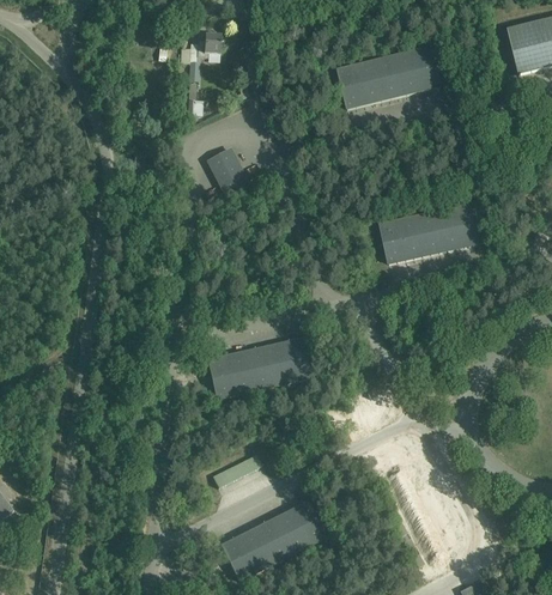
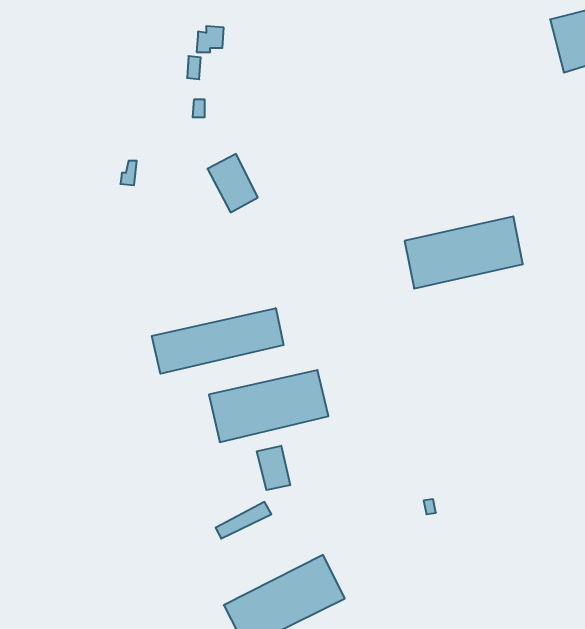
building: [338,44,443,109] -> none
building: none -> [152,308,284,374]
building: none -> [257,446,290,490]

